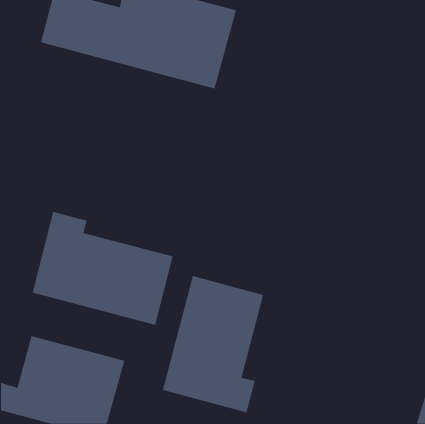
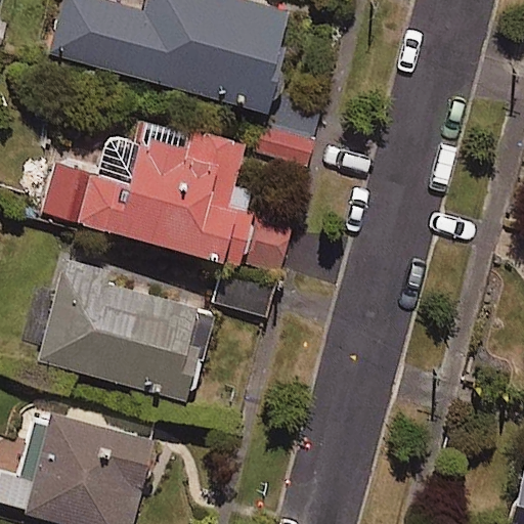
building: none -> [48,119,255,269]
building: [162,275,264,413] -> none

